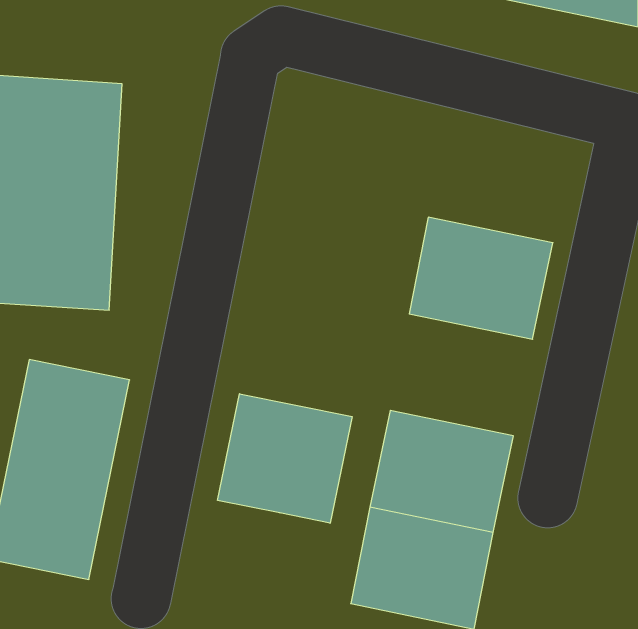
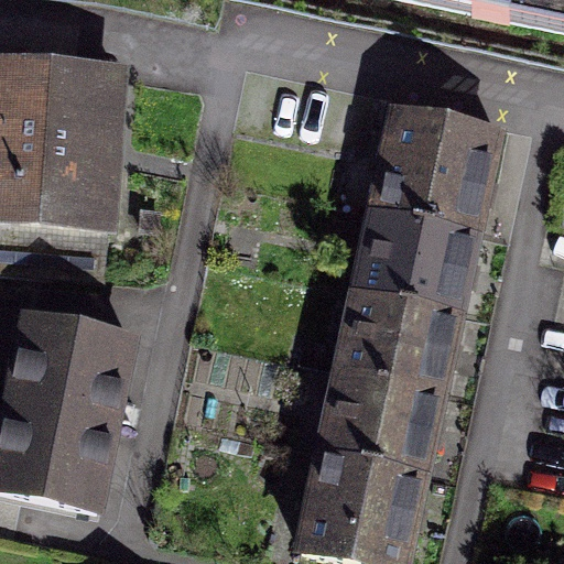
building: none -> [371,105,496,210]
building: none -> [338,272,462,378]
building: [218,394,352,523] -> none

